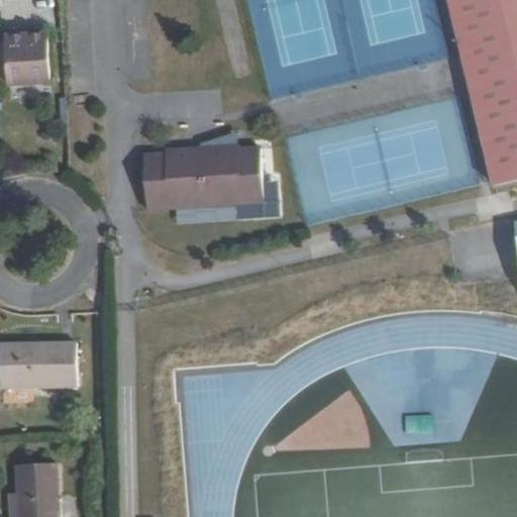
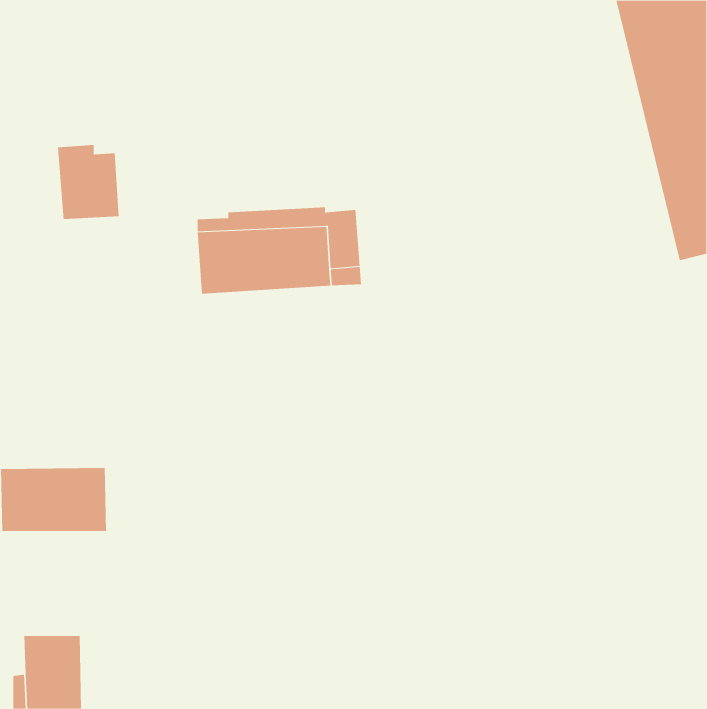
building: [4,28,49,83] -> [57,144,120,219]

